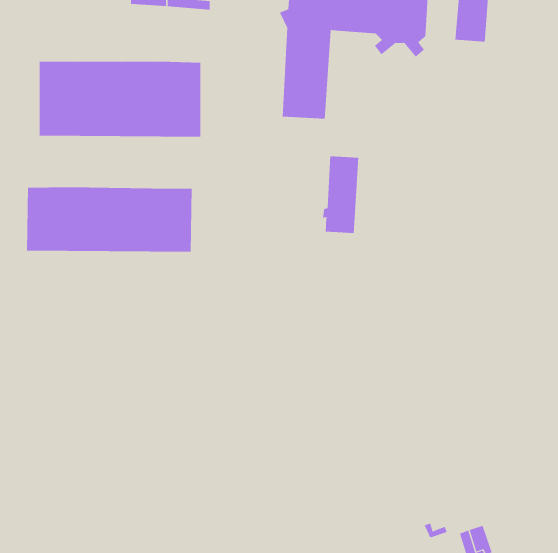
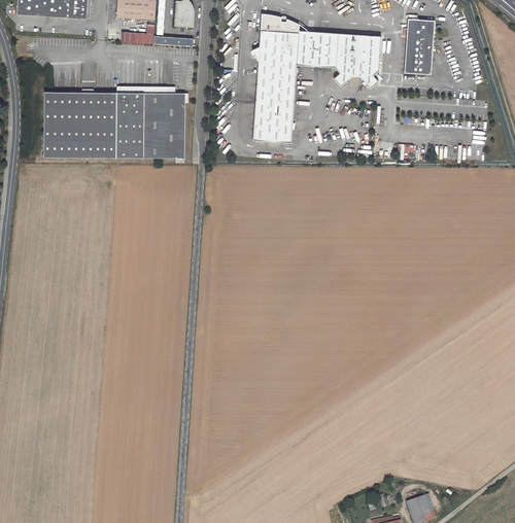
building: [322,155,359,234] -> none
building: [27,187,192,252] -> none

